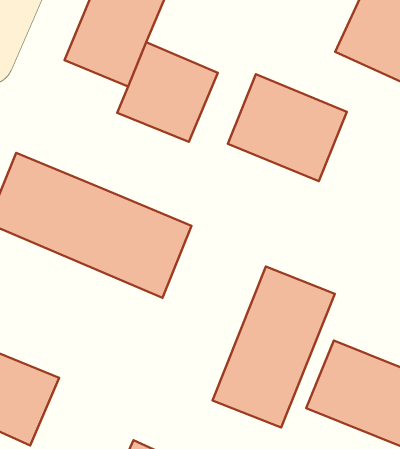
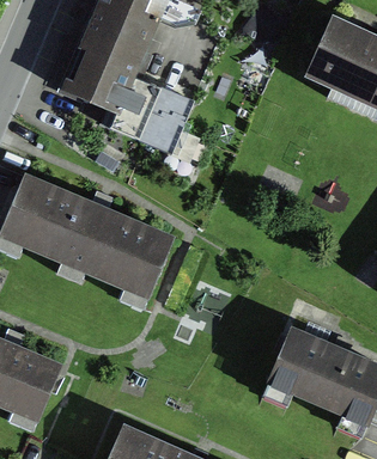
building: [228,74,347,181] -> none
building: [212,267,335,427] -> none

